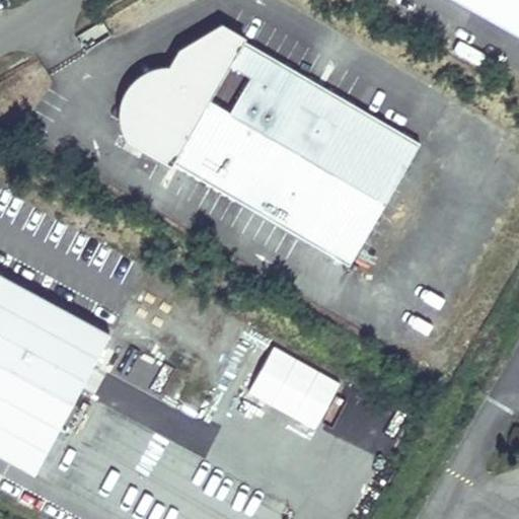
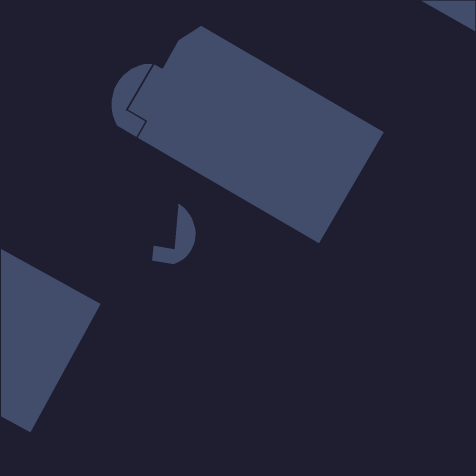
building: none -> [151,202,196,265]
building: [246,348,340,429] -> none

